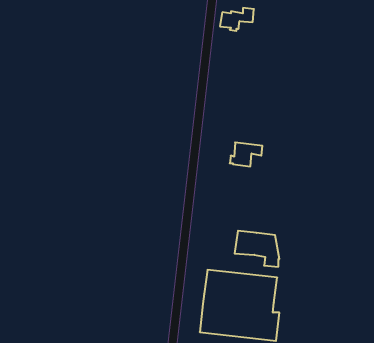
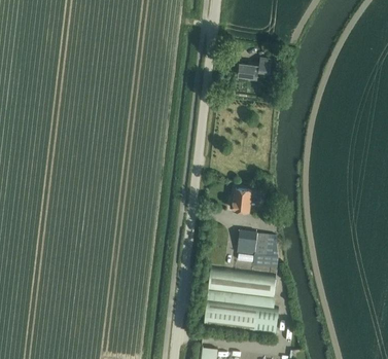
building: [220,8,254,31] -> [238,59,270,80]
building: [230,142,262,166] -> [230,188,260,211]

